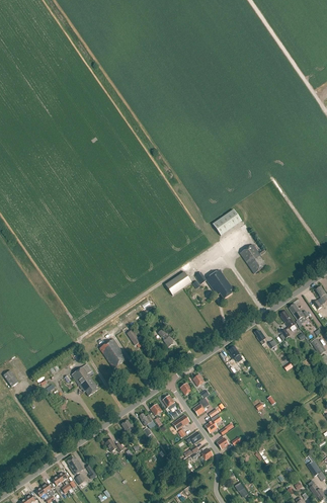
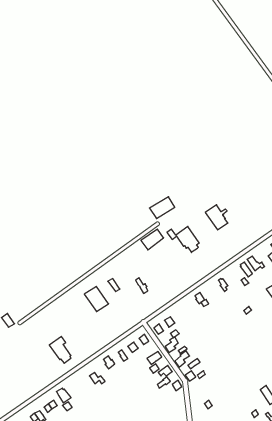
building: [211,208,240,234] -> [149,197,175,219]
building: [72,364,97,396] -> [49,336,71,363]

